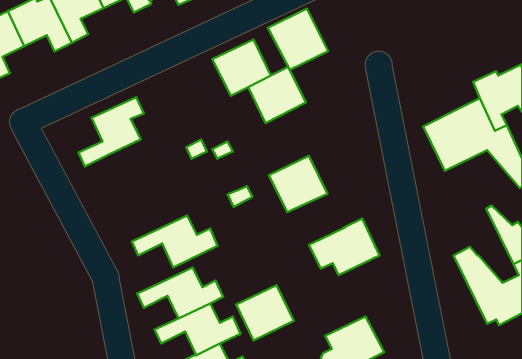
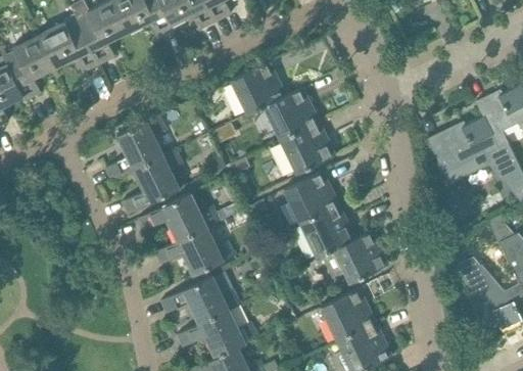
building: [268,9,328,70] -> none
building: none -> [281,121,335,174]
building: none -> [122,149,183,215]
building: none -> [139,193,220,241]
building: none -> [301,206,355,258]
building: [236,285,294,340] -> [321,288,375,340]

